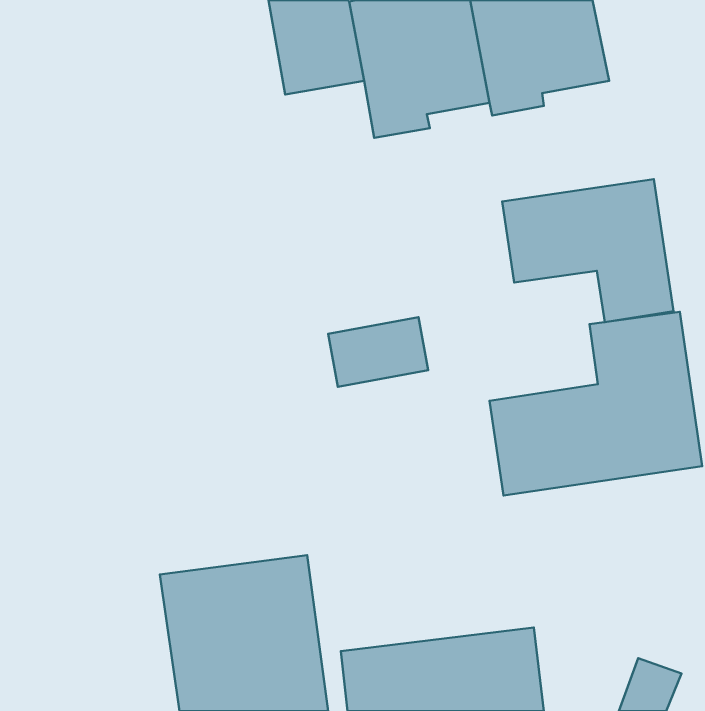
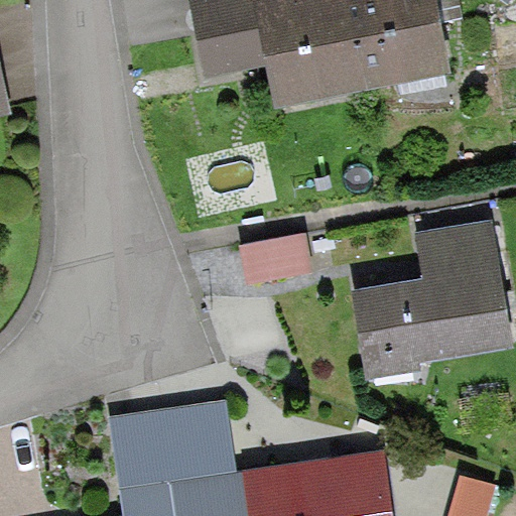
building: [502,179,674,322] -> none

